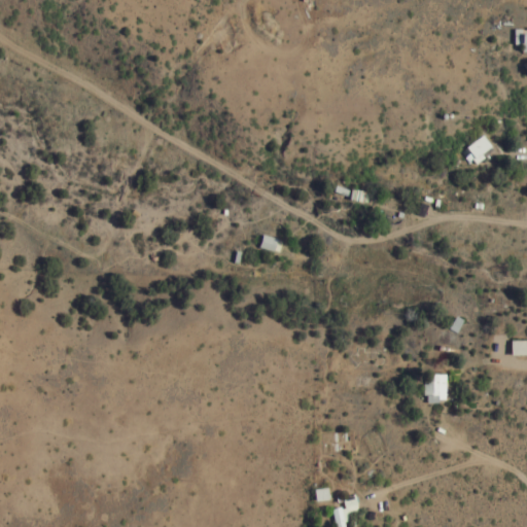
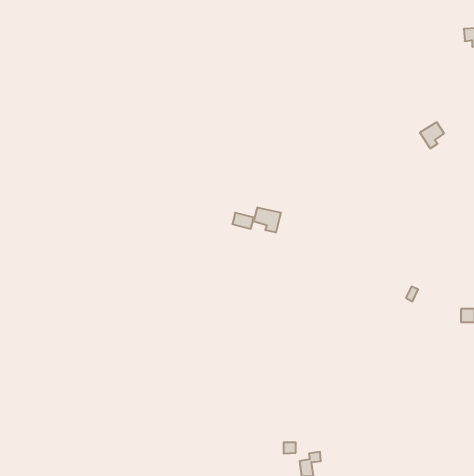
building: none -> [254,207,281,233]
building: [425,374,448,401] -> none

